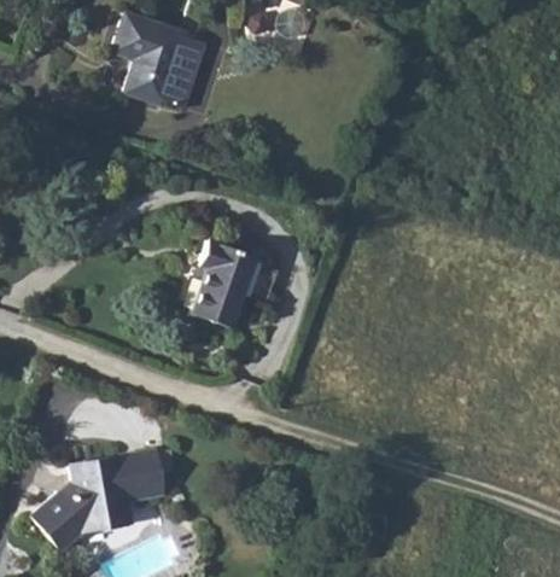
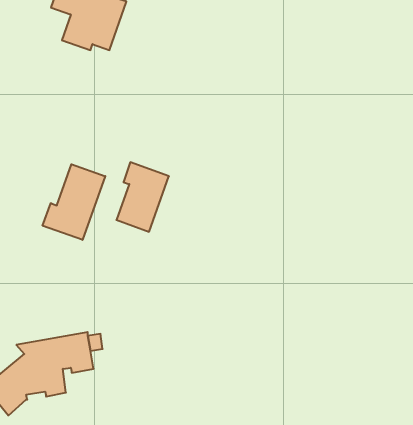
building: none -> [43,164,105,240]

